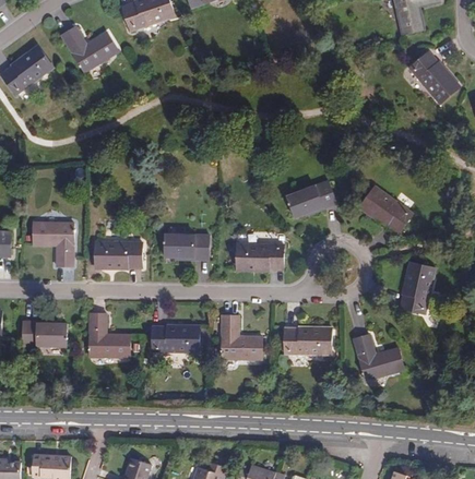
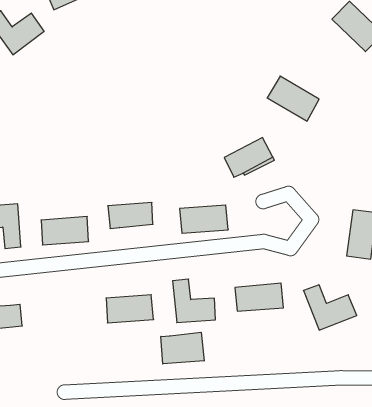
building: [359,185,412,233] -> [267,76,319,121]
building: [88,312,129,357] -> none
building: none -> [161,332,204,364]

